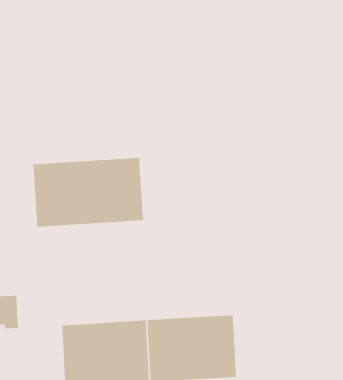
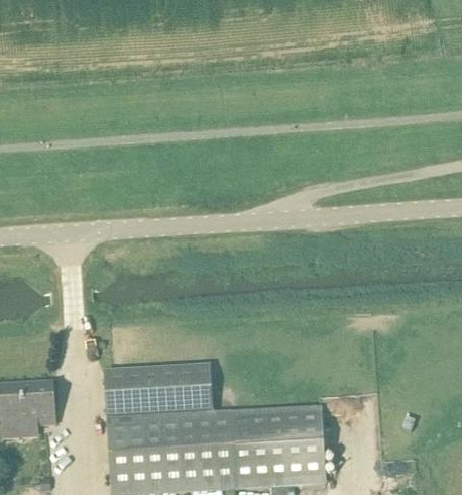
building: [33,157,144,227] -> none
building: none -> [105,364,213,419]

